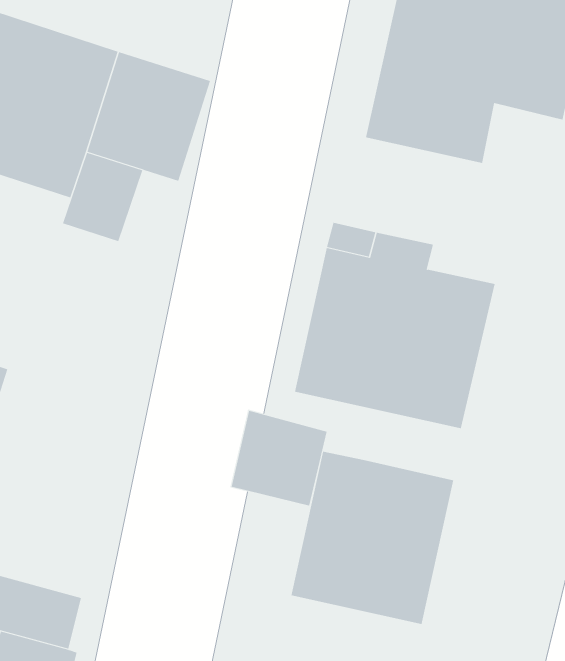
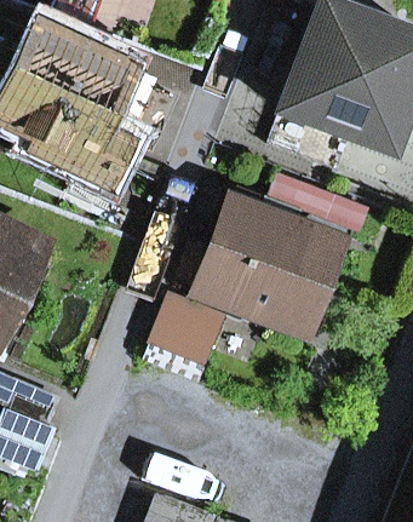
building: [291,451,454,625] -> none

